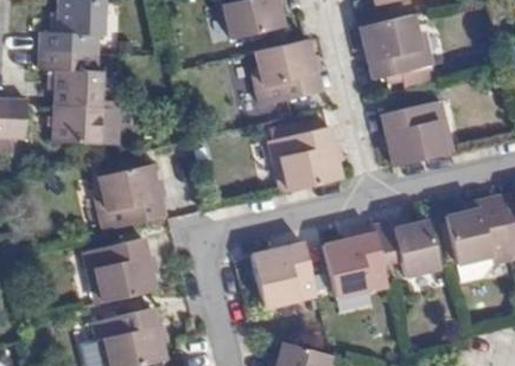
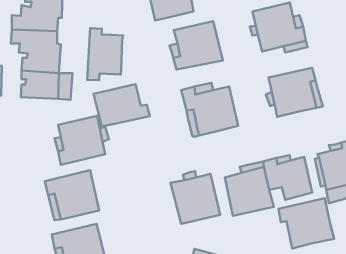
building: none -> [87,28,123,80]
building: none -> [94,84,150,127]
building: none -> [278,198,334,248]

